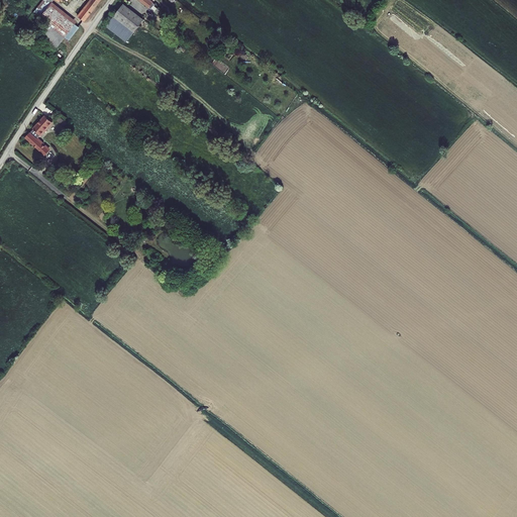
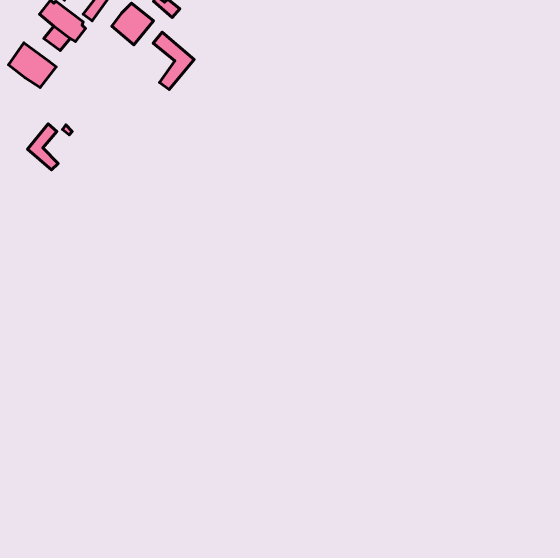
building: none -> [153,32,194,90]
building: none -> [9,43,56,88]

